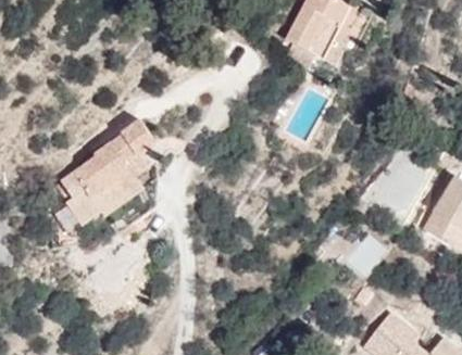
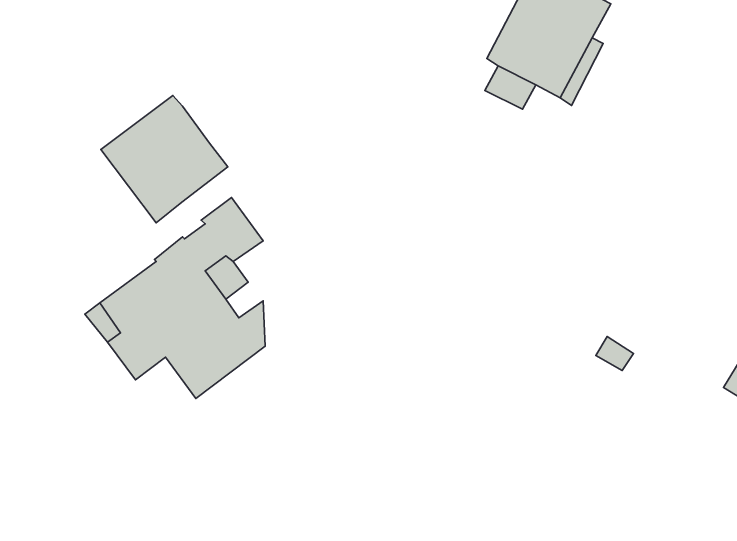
building: none -> [101,95,228,223]

